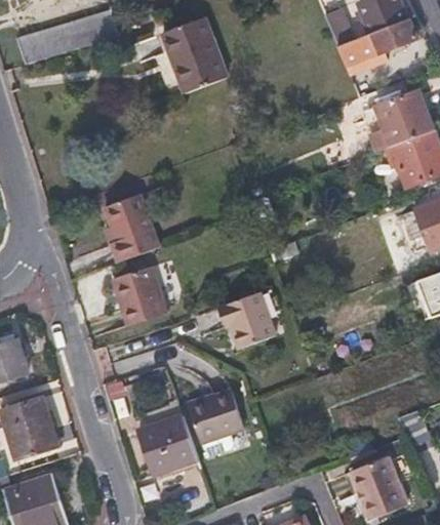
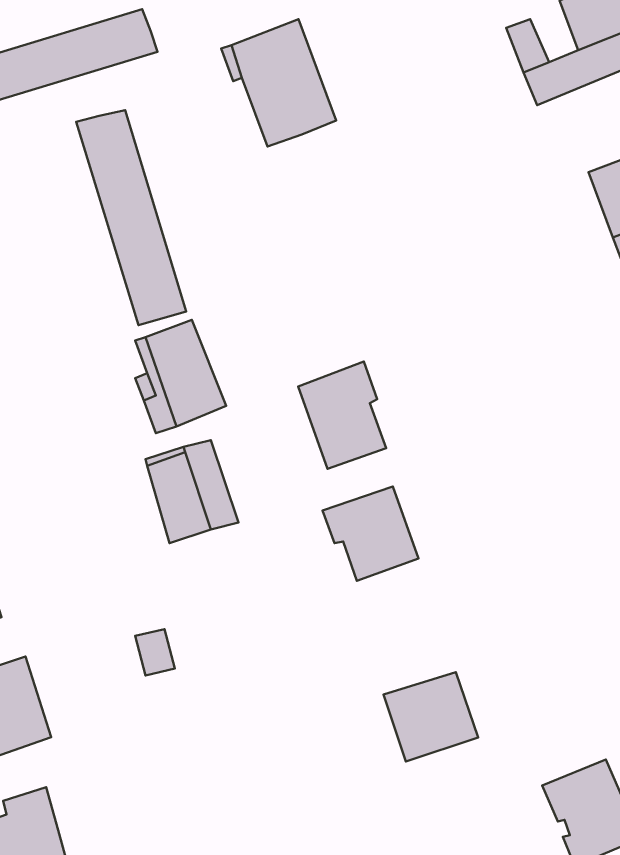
building: none -> [76,110,186,325]
building: none -> [298,362,386,469]
building: [189,393,245,446] -> [384,672,478,761]
building: [133,409,198,477] -> none

